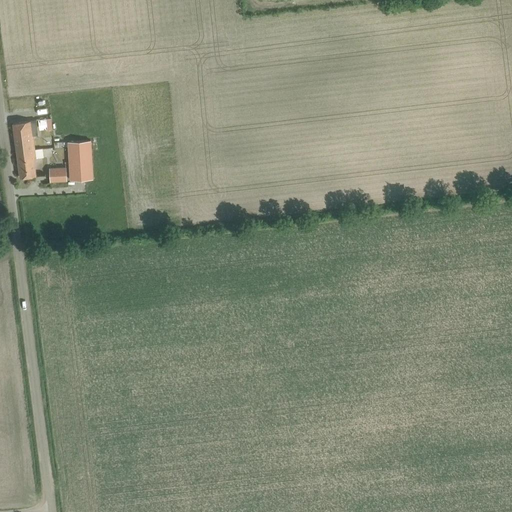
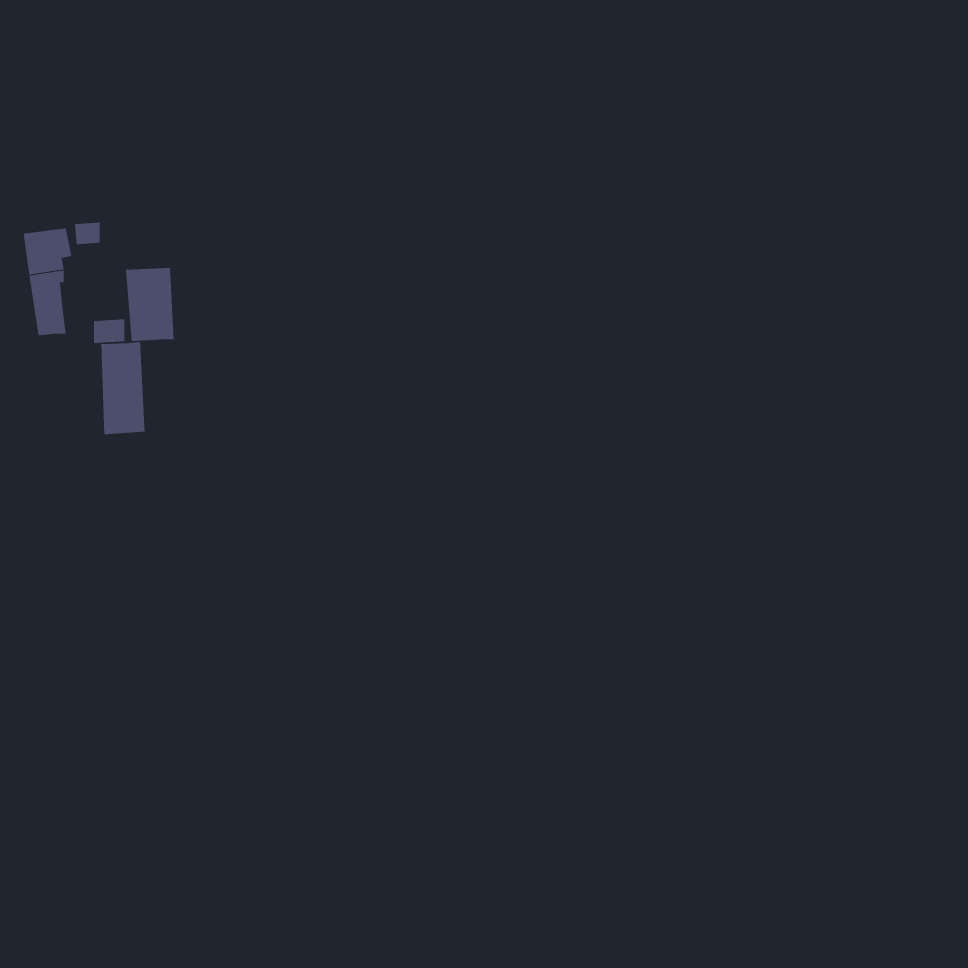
building: none -> [101,341,145,435]

